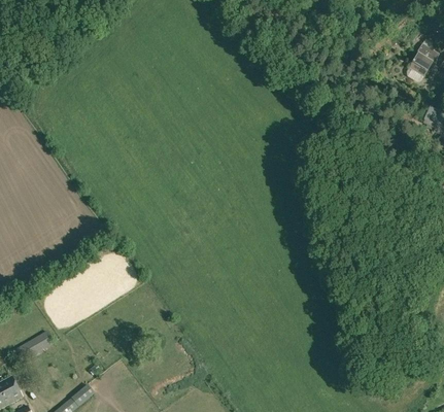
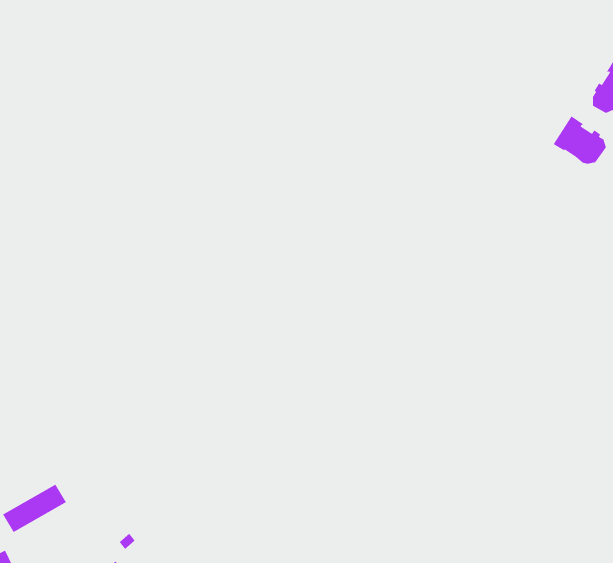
building: none -> [553,115,606,165]

